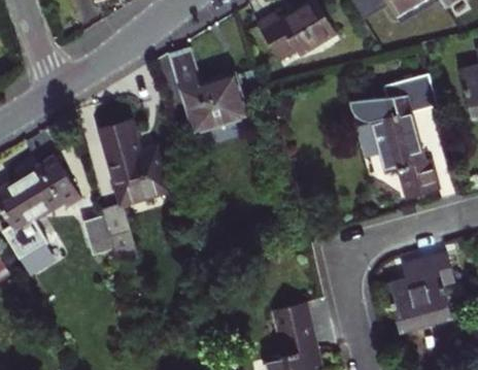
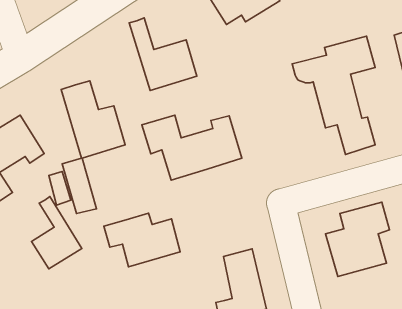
building: none -> [142,115,242,180]
building: none -> [31,197,82,269]
building: none -> [104,213,180,267]

